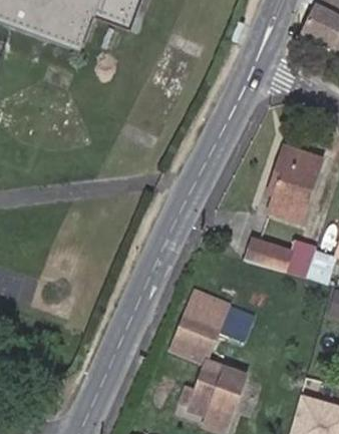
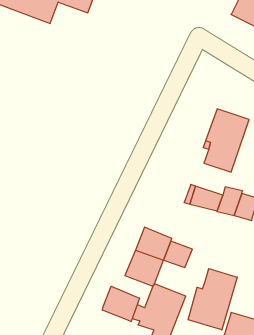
building: none -> [188,269,237,330]
building: none -> [102,286,139,322]

